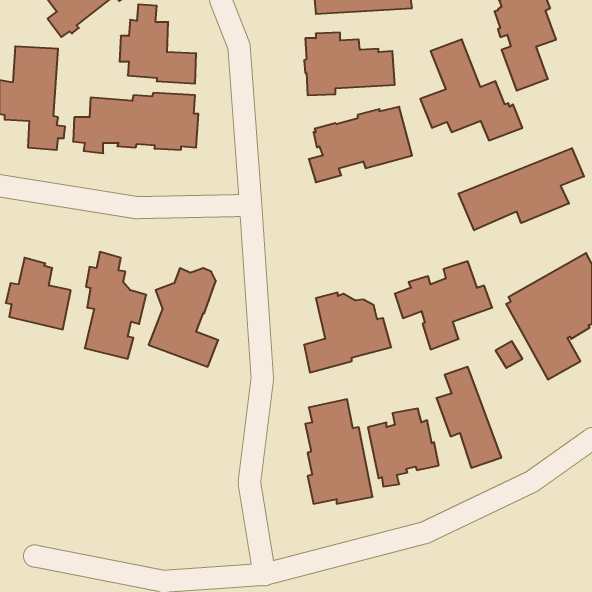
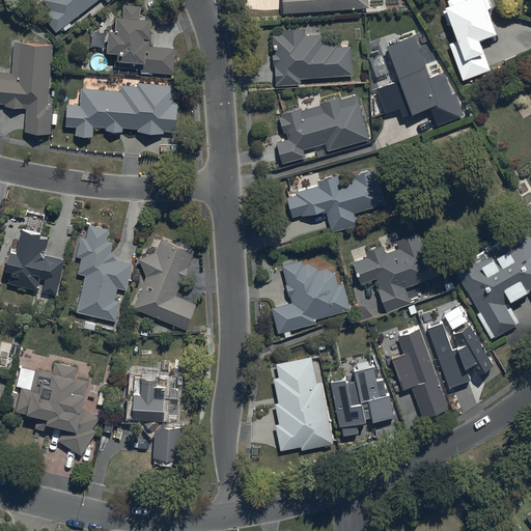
building: [459,148,584,230] -> none
building: none -> [287,170,384,230]
building: none -> [426,320,493,388]
building: none -> [16,363,99,458]
building: none -> [132,374,180,457]

